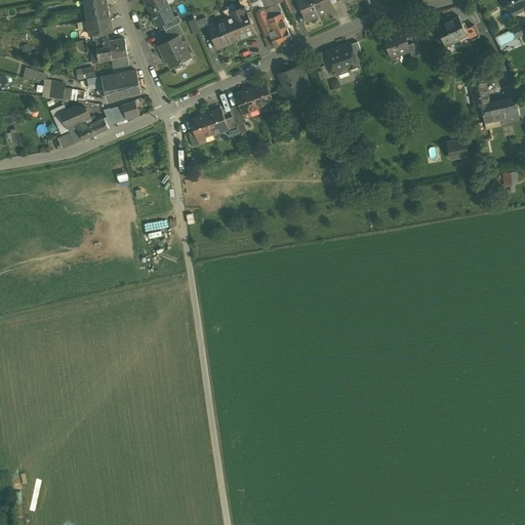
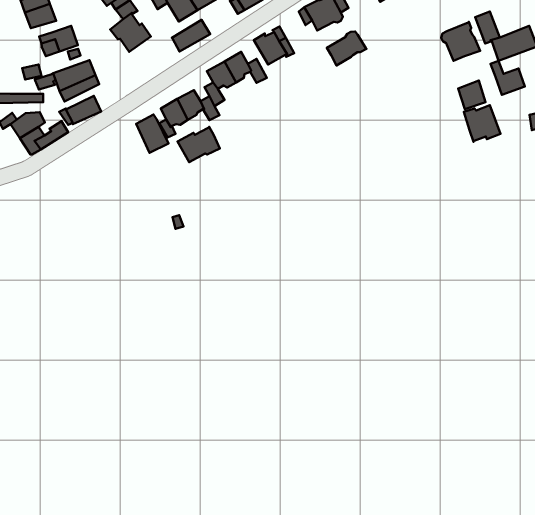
building: none -> [172,20,210,51]
building: none -> [327,32,367,66]
building: none -> [441,22,480,61]
building: none -> [490,61,525,95]
building: none -> [136,114,169,153]
building: none -> [177,127,220,162]
building: none -> [464,105,500,142]

